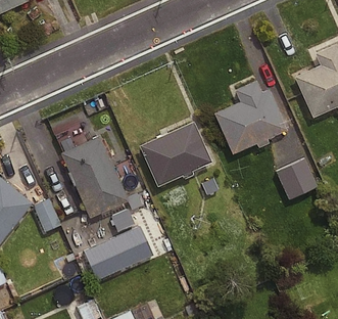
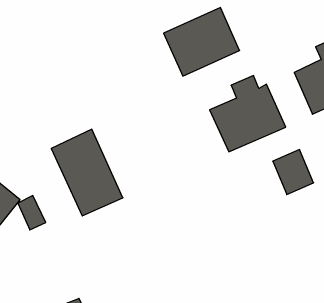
building: [139,123,211,188] -> [164,8,240,76]
building: [82,224,150,277] -> none

